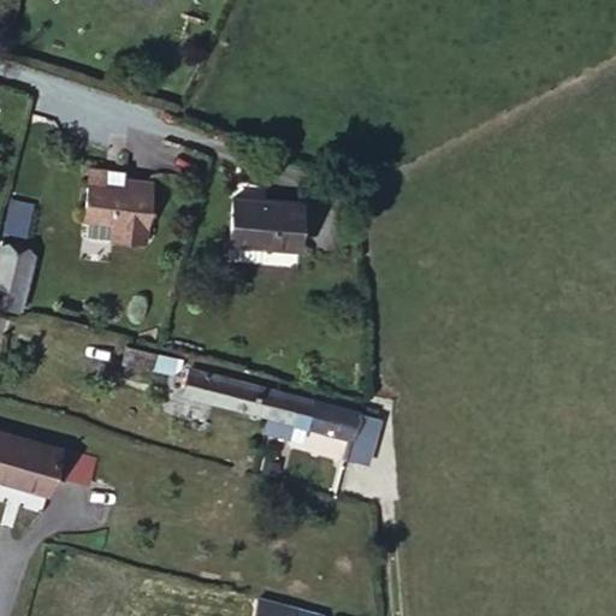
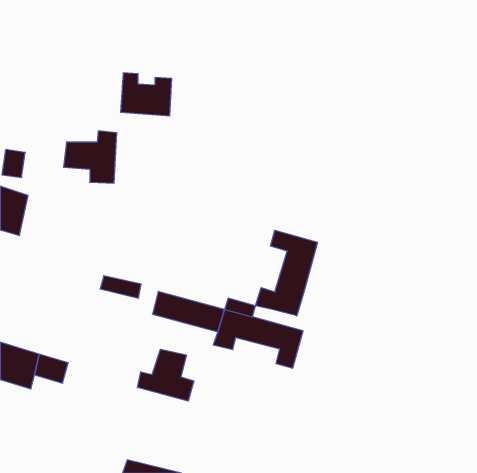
building: [231,189,297,244] -> [120,73,172,116]
building: none -> [255,230,318,316]
building: none -> [137,349,194,401]

